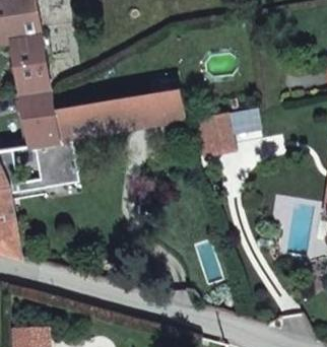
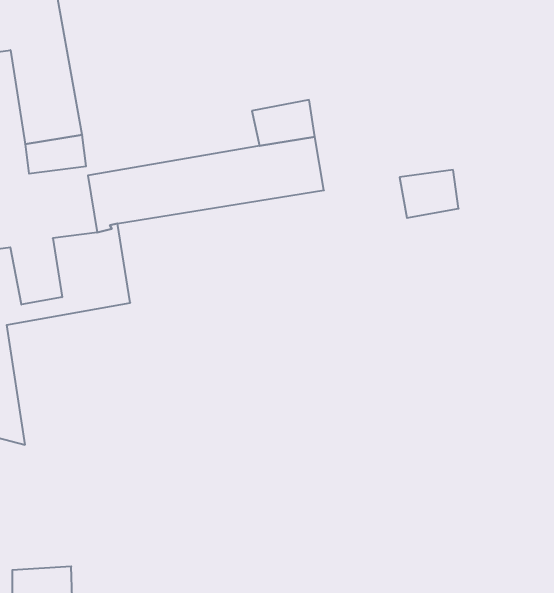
building: [22,106,60,146] -> none
building: [194,112,234,155] -> none

